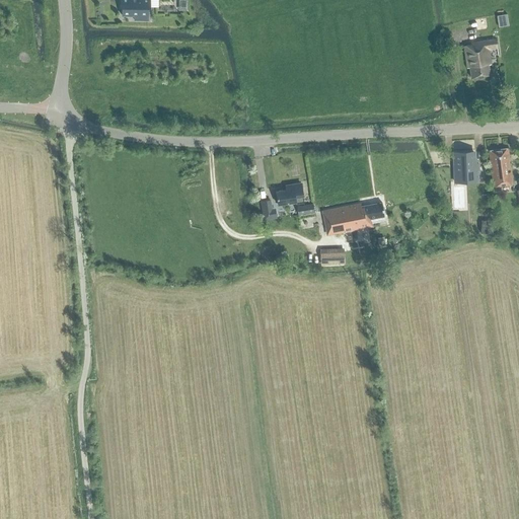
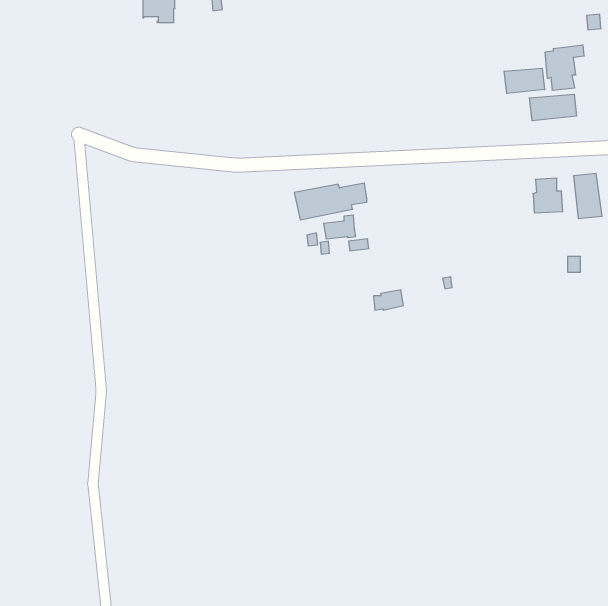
building: none -> [504,68,545,94]
building: none -> [530,94,576,121]
building: [322,203,384,234] -> [294,183,367,220]

